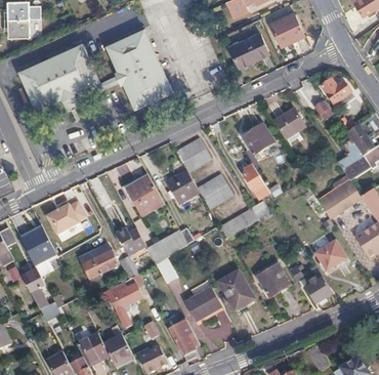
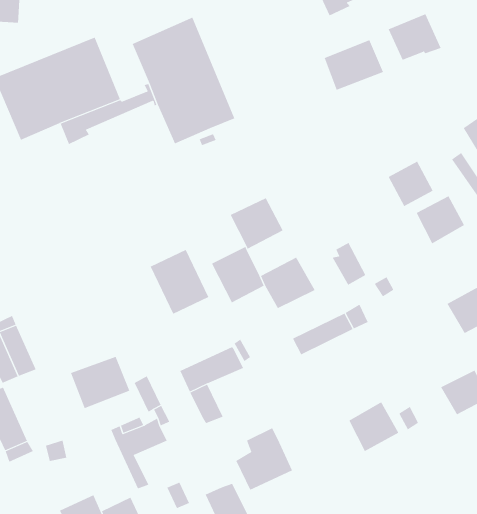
building: [242,123,273,155] -> [416,195,465,244]
building: [46,200,86,234] -> none
building: [221,269,255,306] -> none
building: [306,277,333,303] -> none

